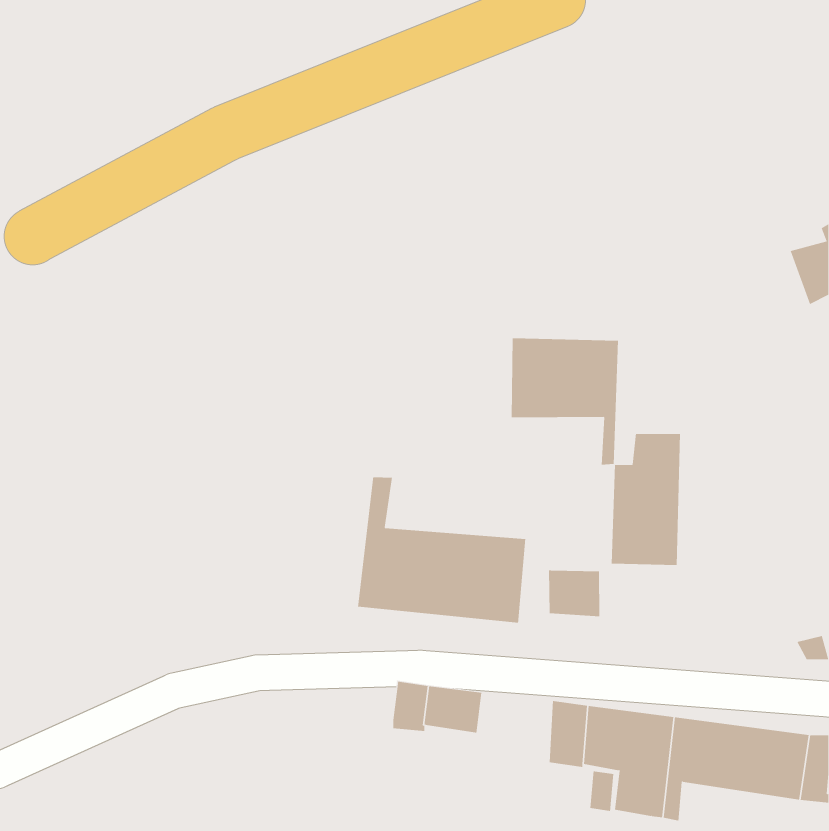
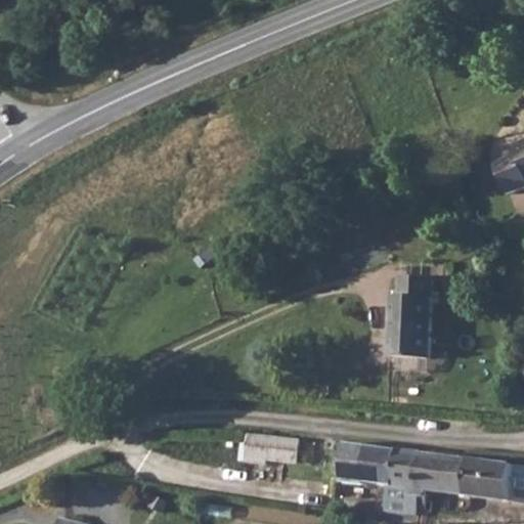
building: [511,338,619,465] -> none
building: [357,477,526,623] -> none
building: [549,569,600,617] -> none

